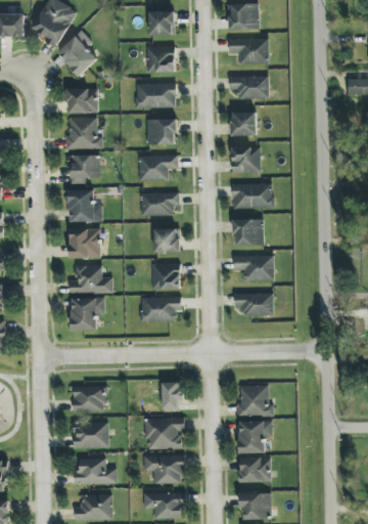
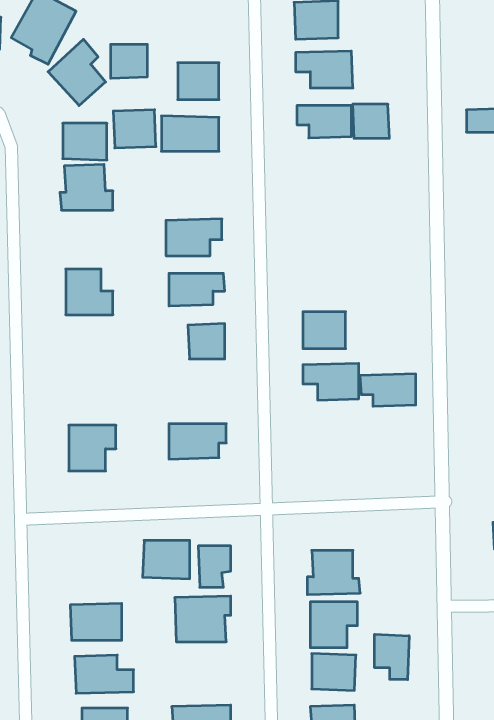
building: [149,11,175,35] -> [111,44,147,78]
building: [231,112,257,135] -> [353,104,389,138]
building: [147,118,177,144] -> [113,110,156,148]
building: [232,146,261,172] -> none
building: [70,155,100,183] -> none
building: [233,183,273,208] -> none
building: [70,228,101,258] -> none
building: [152,263,181,289] -> none
building: [71,264,112,293] -> none
building: [234,293,273,315] -> [360,374,416,406]
building: [73,386,105,412] -> [143,540,190,579]
building: none -> [375,634,409,680]
building: [143,454,183,483] -> none

